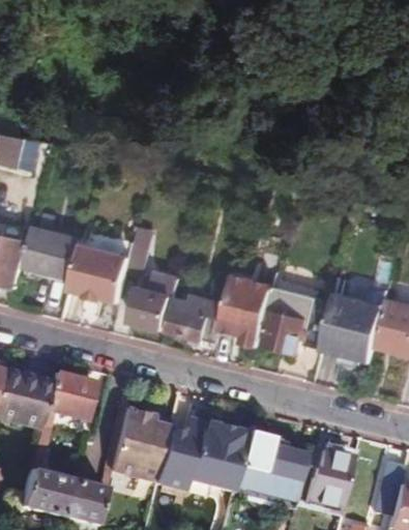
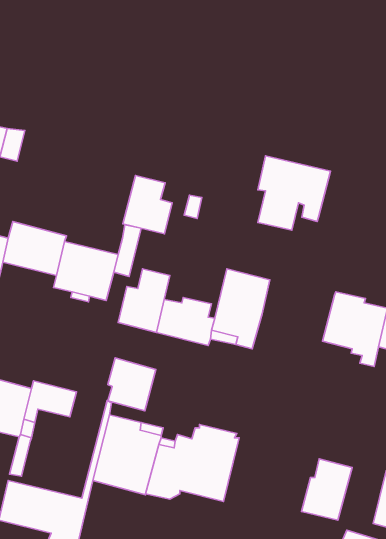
building: none -> [123,176,172,234]
building: [268,281,337,351] -> [258,156,330,230]
building: none -> [108,358,156,411]
building: [230,435,304,512] -> none

